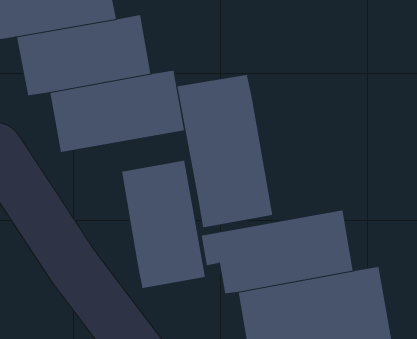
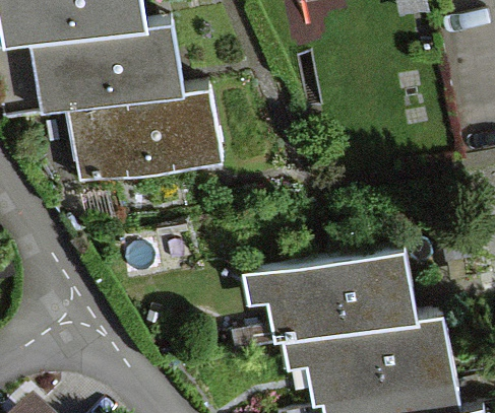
building: [177,74,273,228] -> none
building: [121,160,205,289] -> none

